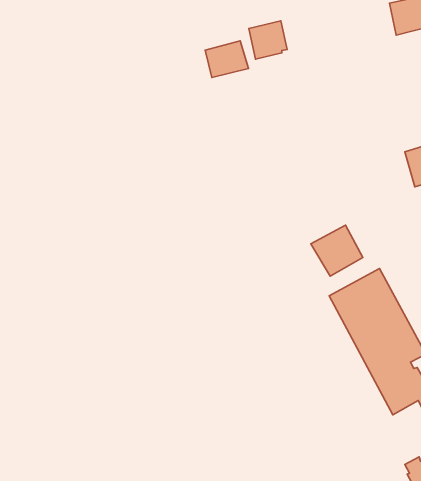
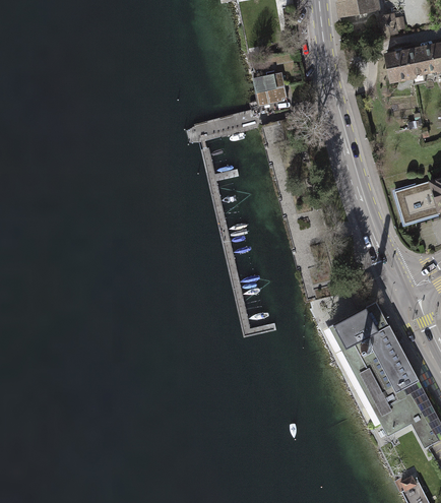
building: [205,41,248,77] -> none
building: [311,225,363,276] -> none

